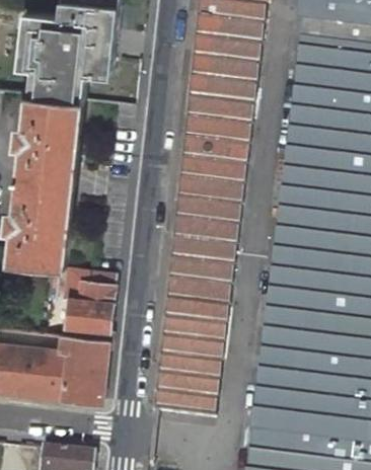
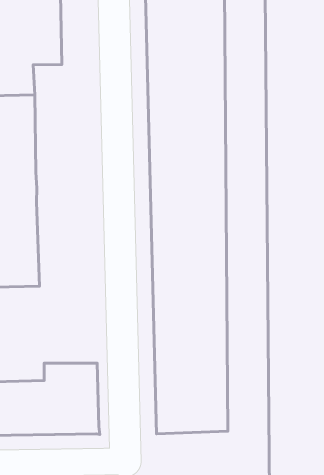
building: [62,266,117,340] -> none

